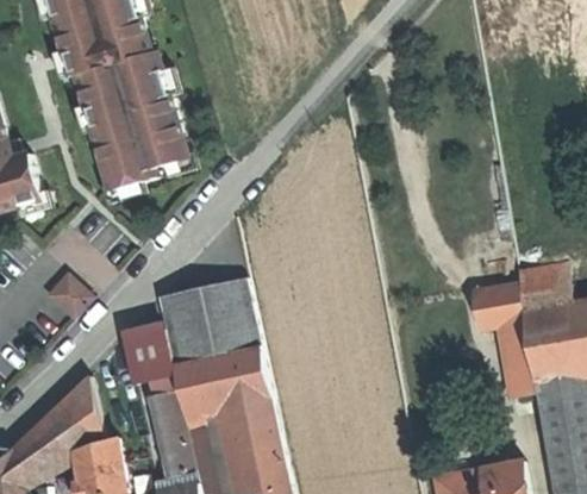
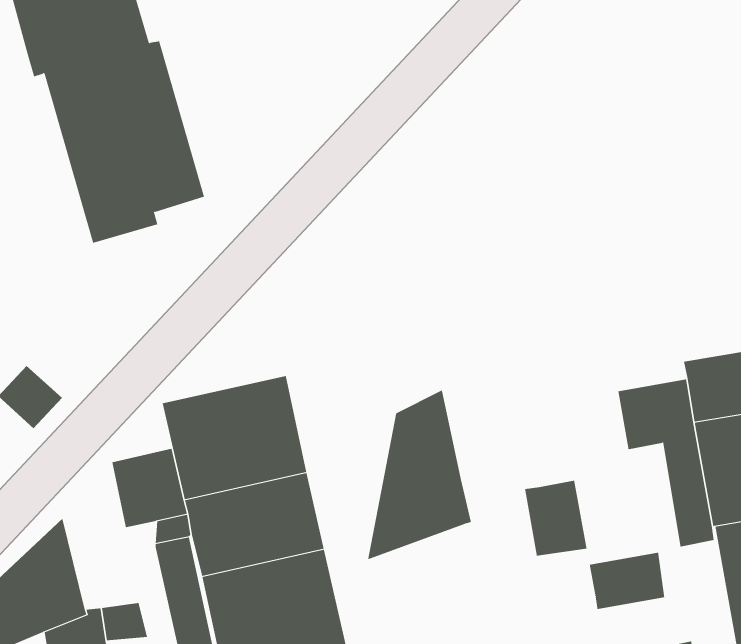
building: none -> [368,390,472,560]
building: none -> [525,480,587,556]
building: none -> [589,552,665,610]

